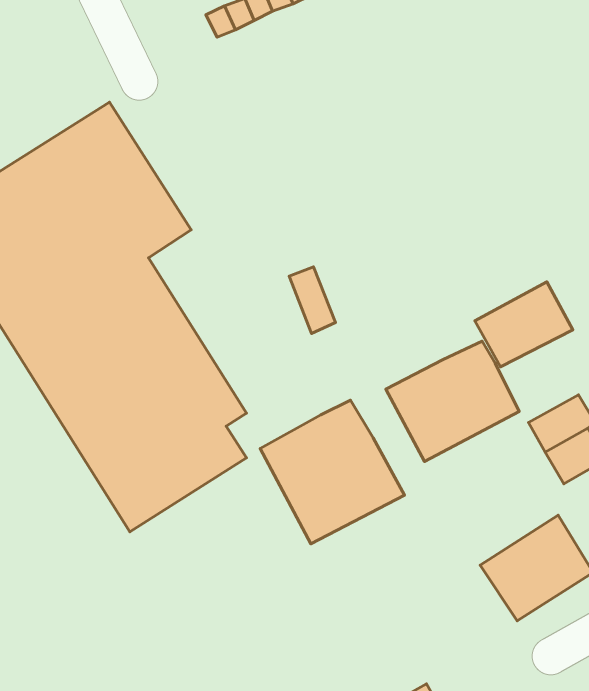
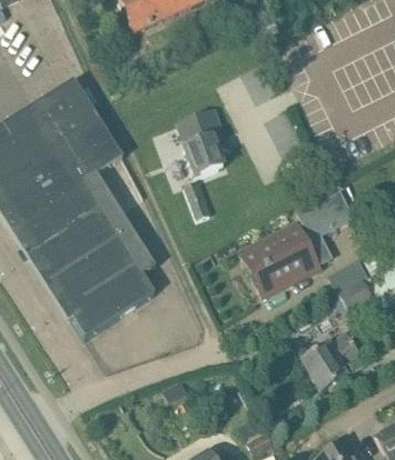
building: none -> [179,108,228,176]
building: [260,400,404,544] -> none

